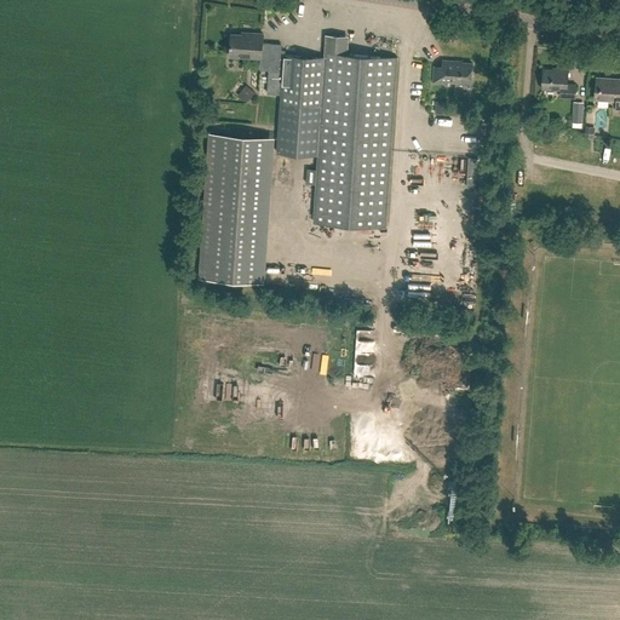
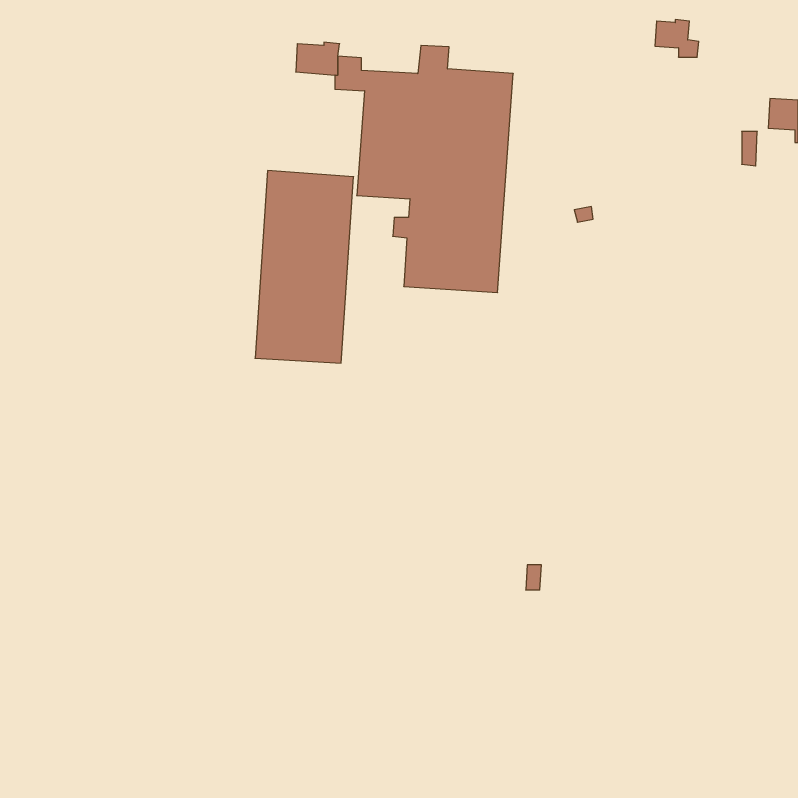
building: [432,61,471,92] -> none
building: [541,69,575,98] -> [655,20,699,57]

